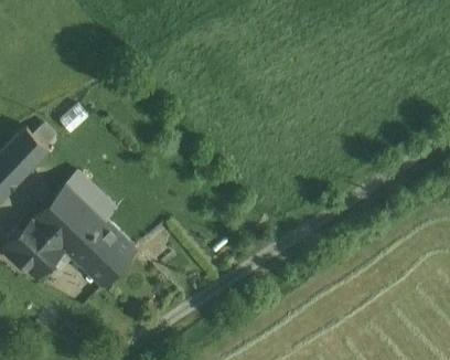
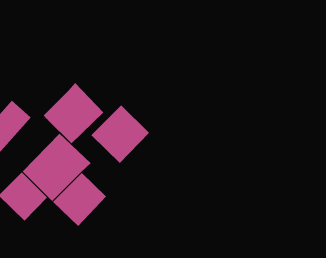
building: none -> [43,82,104,144]
building: none -> [90,104,150,164]

